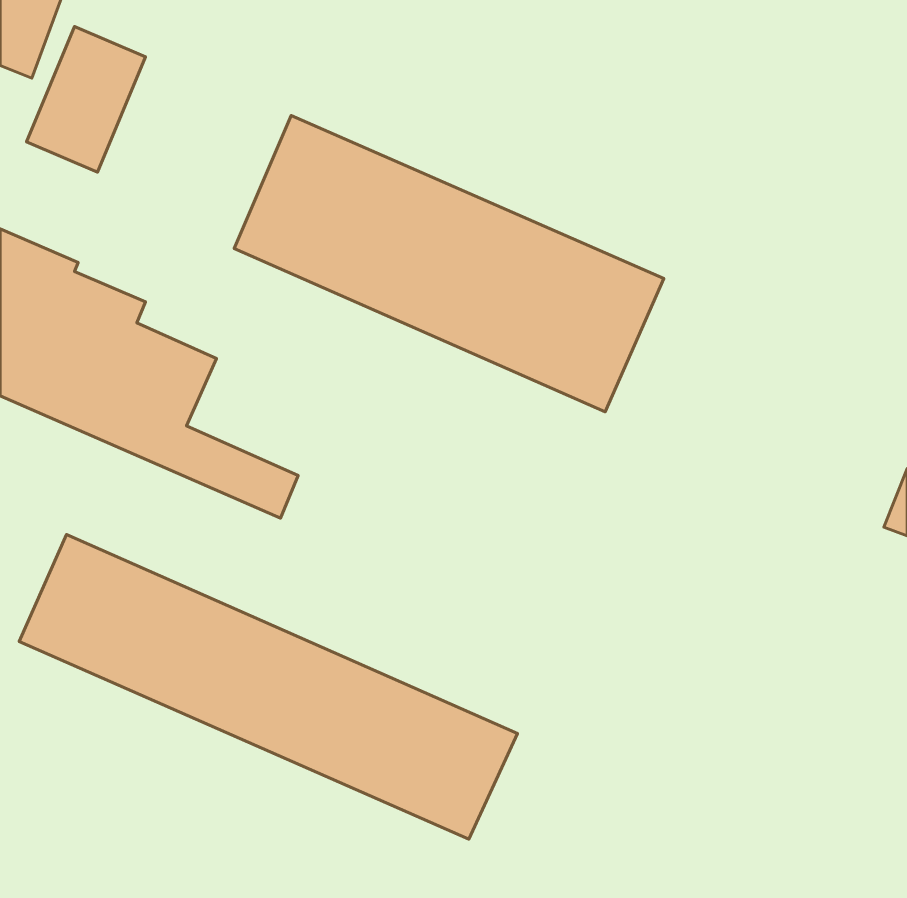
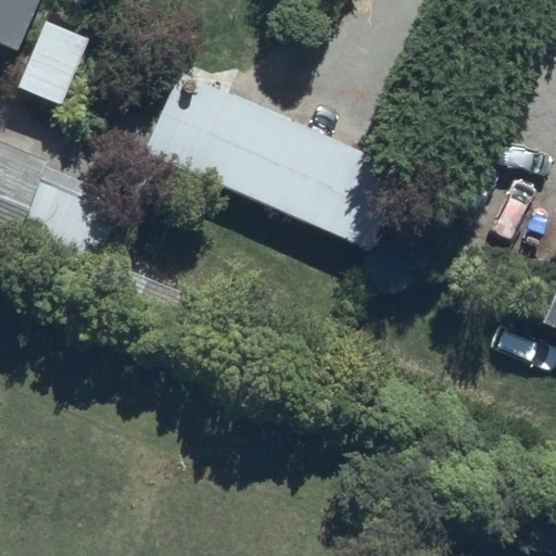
building: [19,534,517,839] -> none

